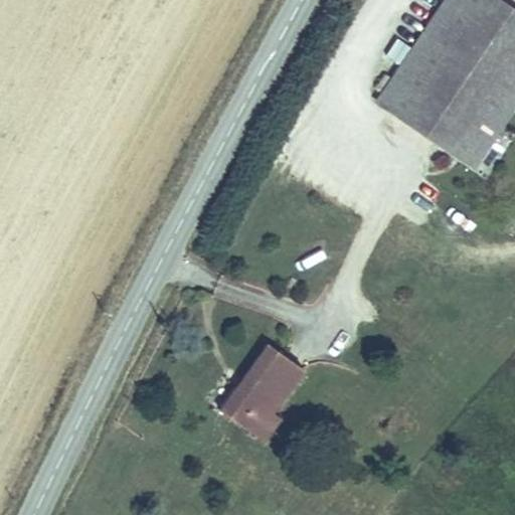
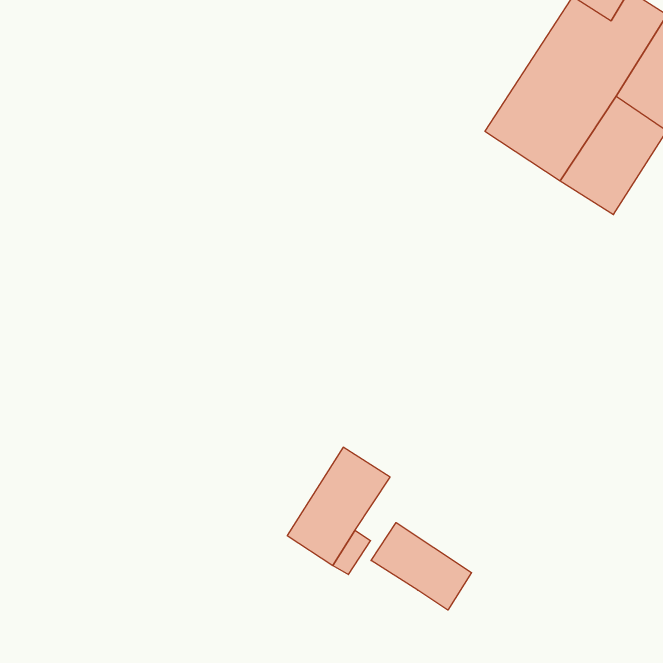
building: none -> [371,523,472,610]

